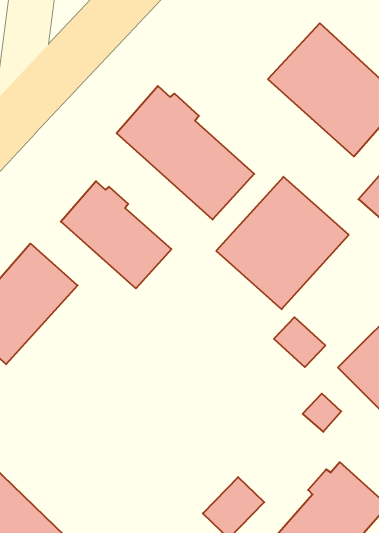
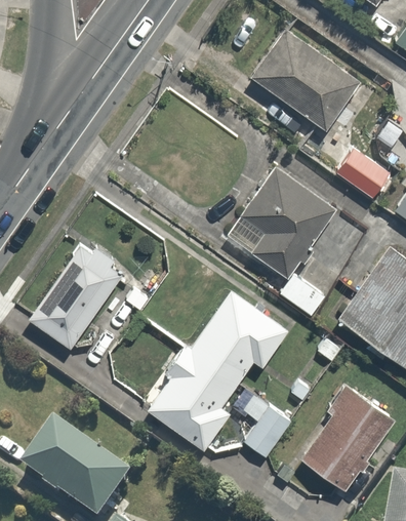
building: [117,86,254,220] -> none
building: [61,181,171,288] -> none
building: none -> [149,289,286,447]

